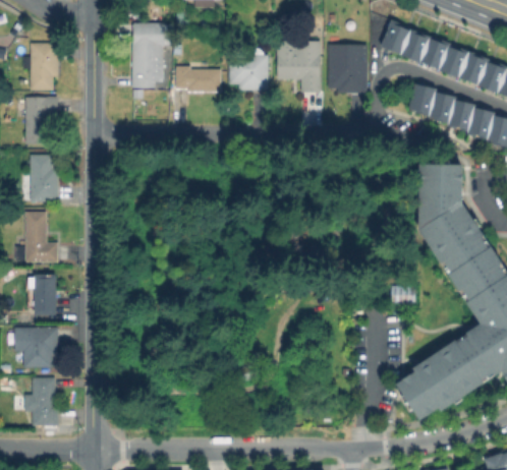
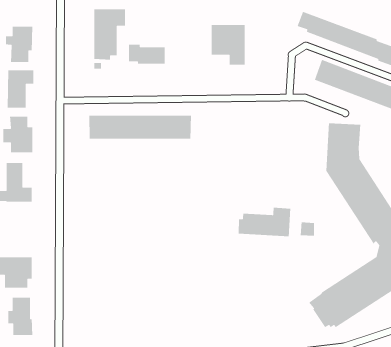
building: [329,45,367,93] -> none
building: [230,47,269,90] -> none
building: none -> [89,115,192,140]
building: none -> [238,207,291,237]
building: [30,275,57,314] -> none

